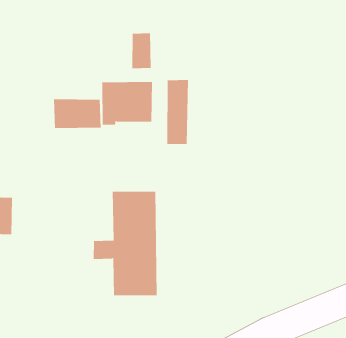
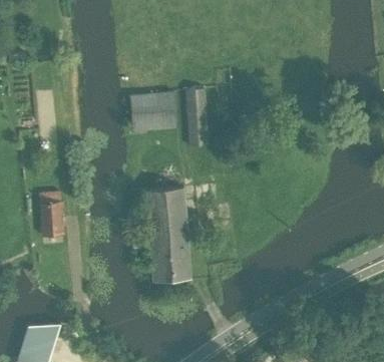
building: [132,33,151,69] -> none
building: [54,99,101,129] -> none

